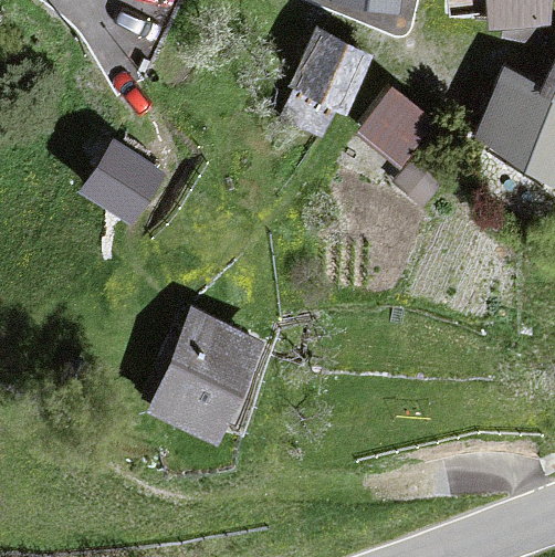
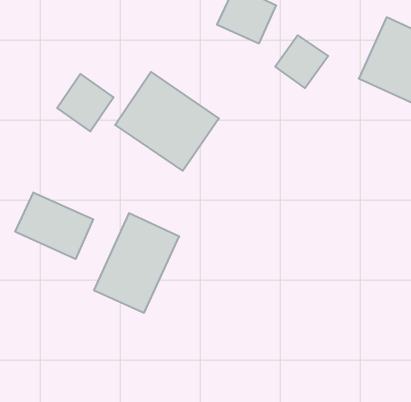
building: none -> [115,72,219,171]
building: none -> [15,192,93,259]

